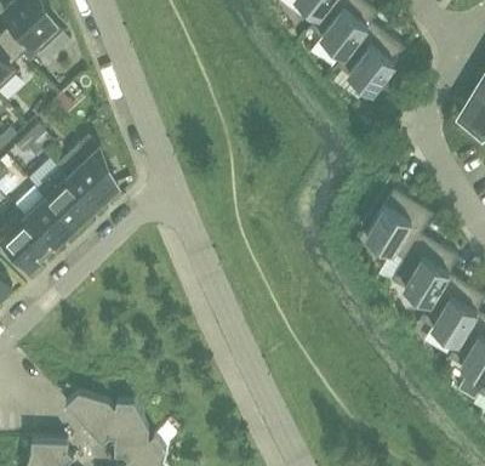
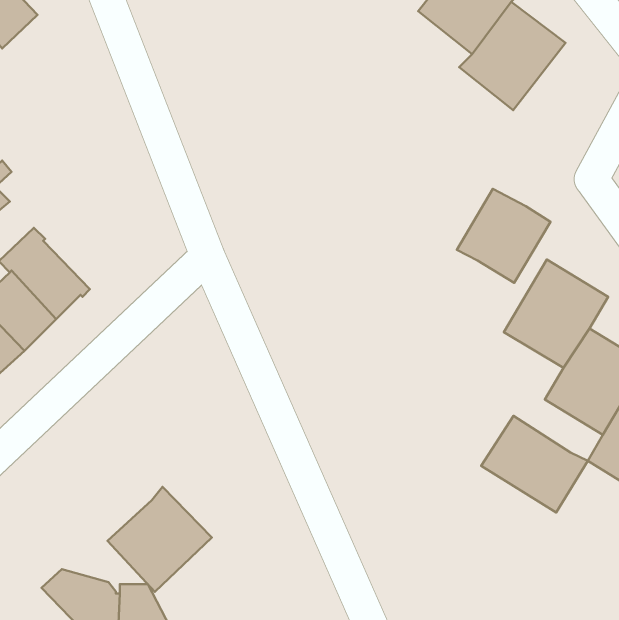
building: none -> [457,189,551,283]
building: [63,148,115,211] -> none
building: none -> [481,416,588,513]
building: none -> [107,487,212,592]

